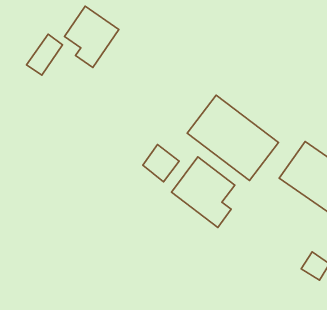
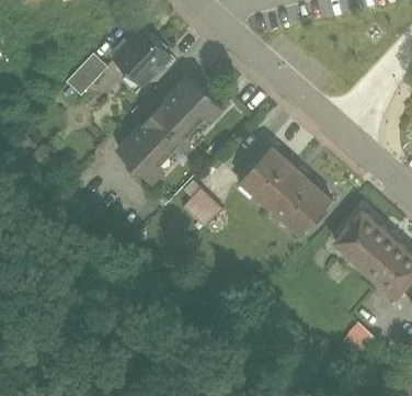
building: none -> [113,71,227,189]
building: [171,157,235,227] -> none

